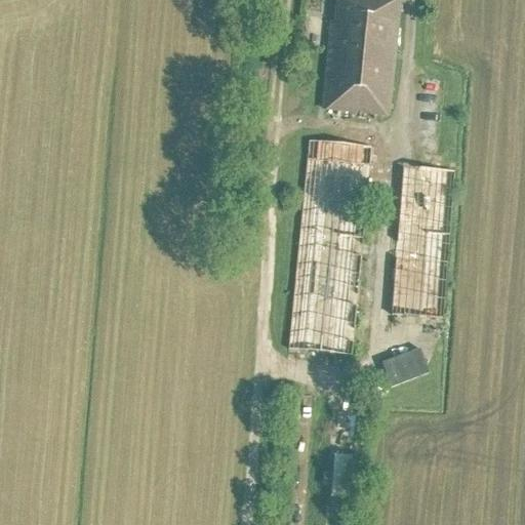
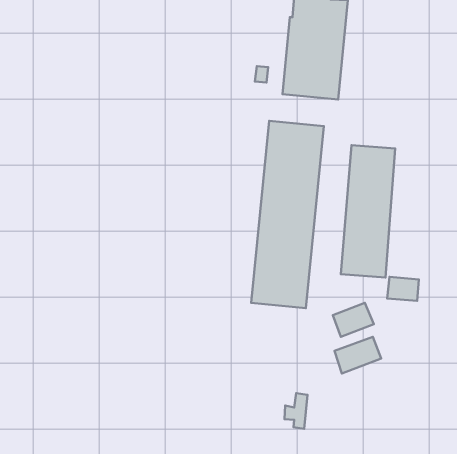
building: none -> [387,277,419,301]
building: none -> [334,337,381,373]

